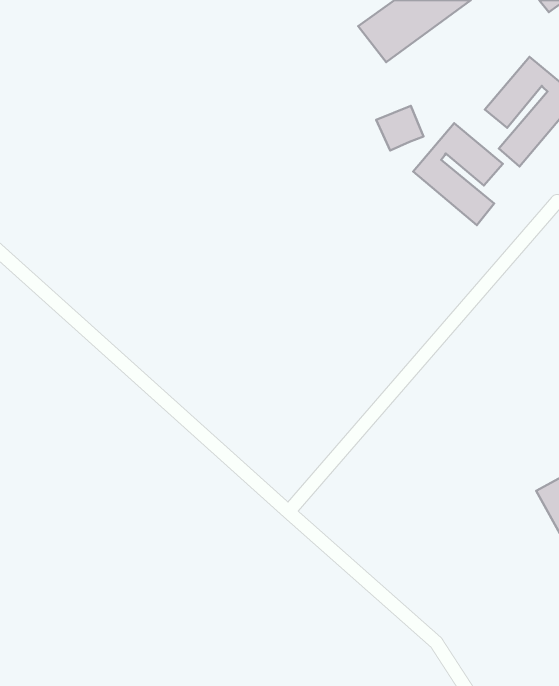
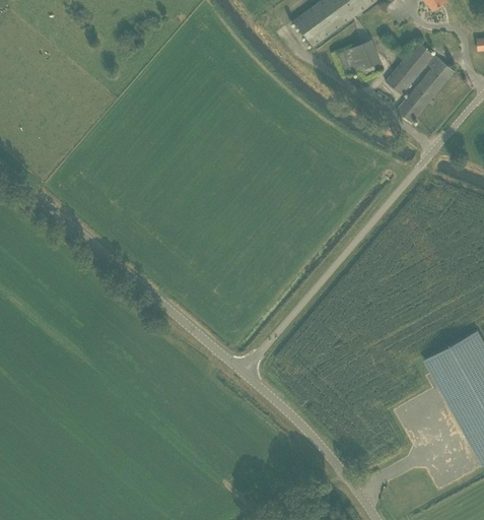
building: [376,106,423,150] -> [338,43,372,75]
building: [413,123,503,225] -> none

